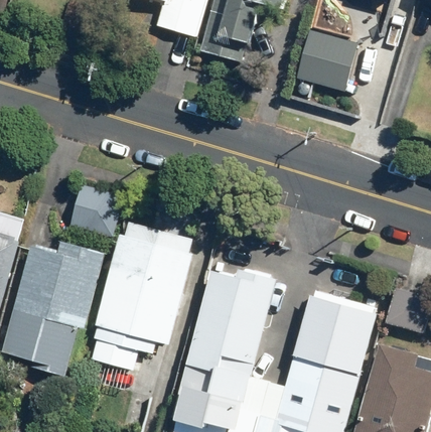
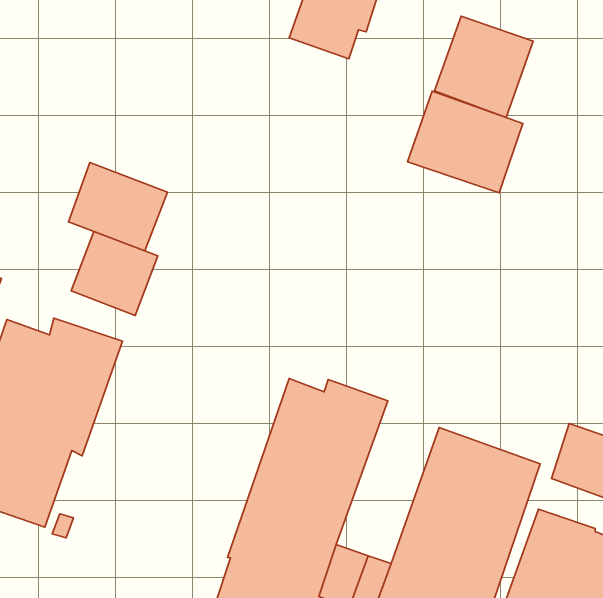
building: none -> [408,91,523,193]
building: none -> [69,163,167,251]
building: [90,222,196,390] -> none

